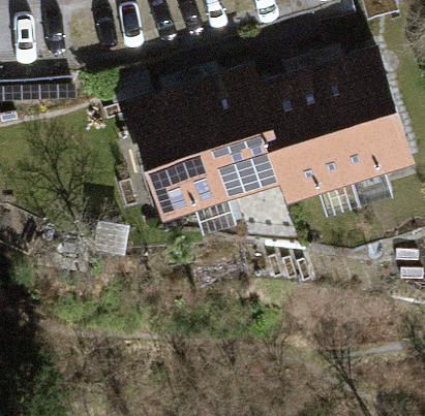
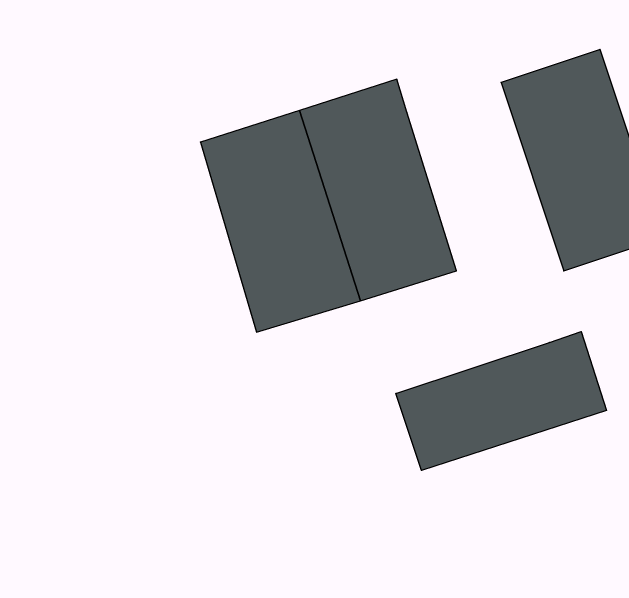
building: [256,69,355,210] -> none
building: none -> [396,332,606,470]

